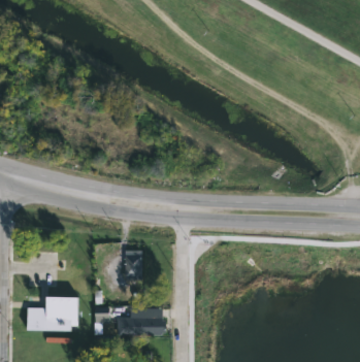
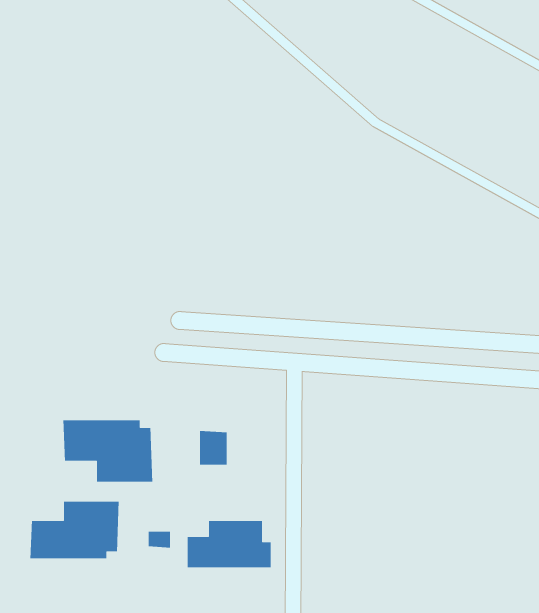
building: none -> [62,419,153,482]

